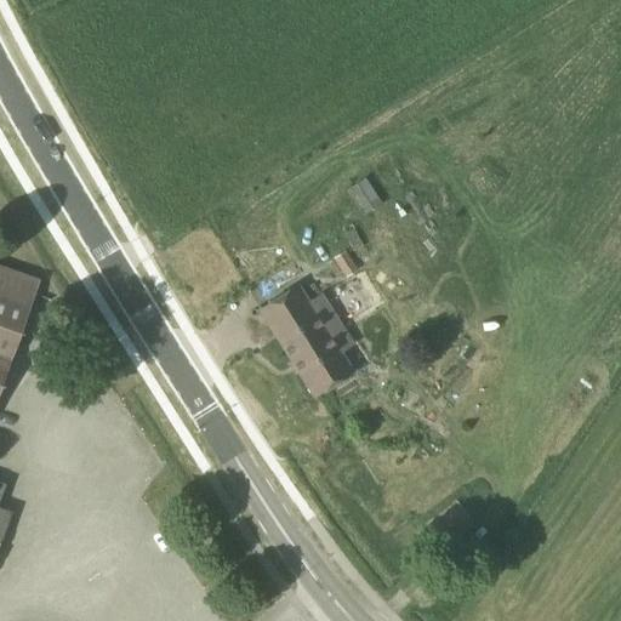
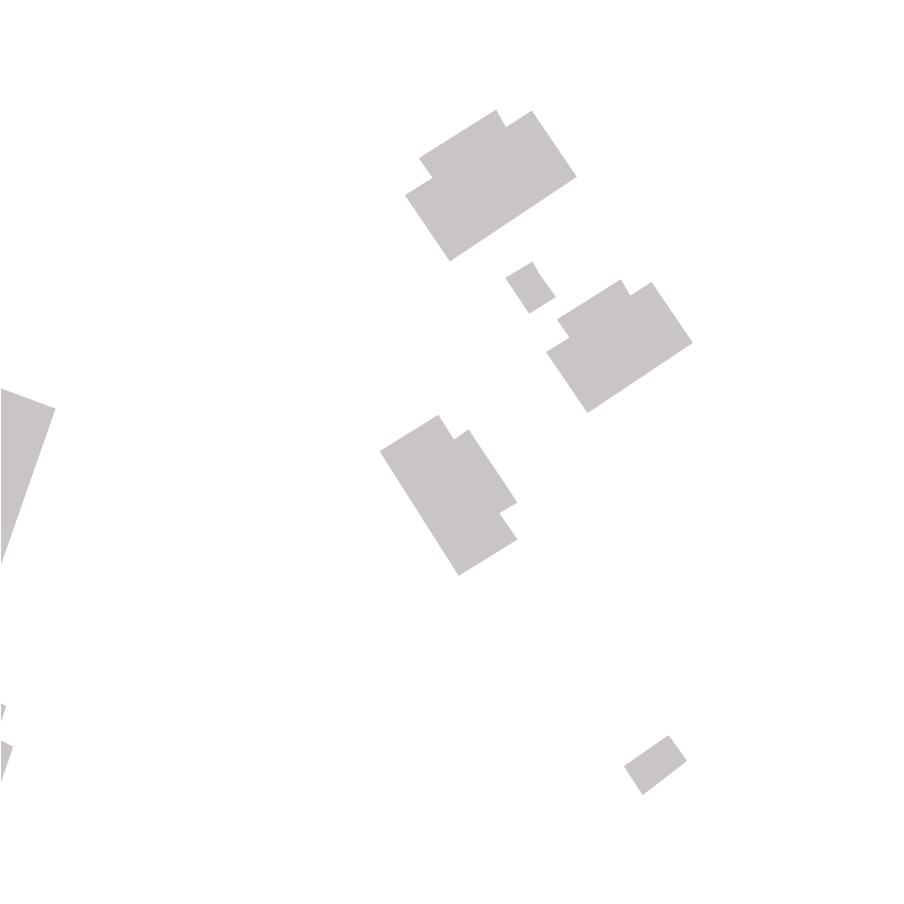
building: none -> [404,108,578,263]
building: none -> [545,278,694,414]

